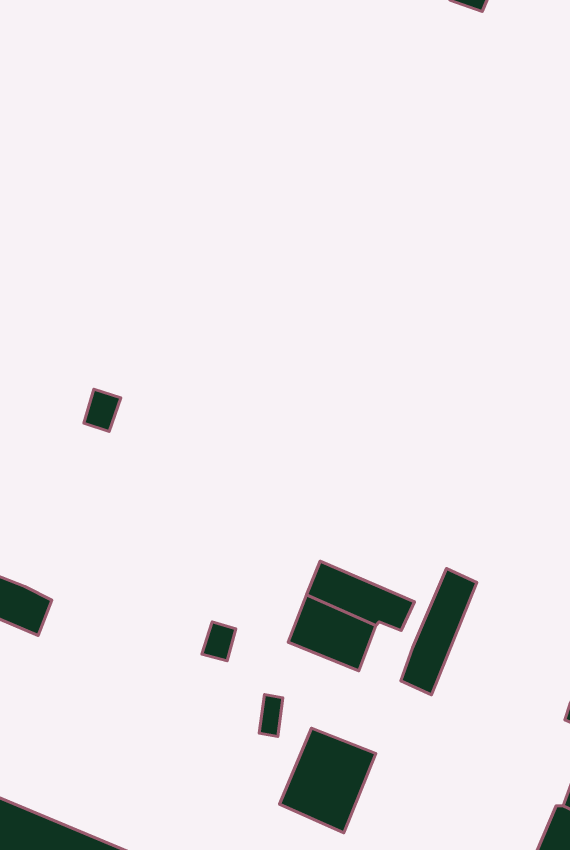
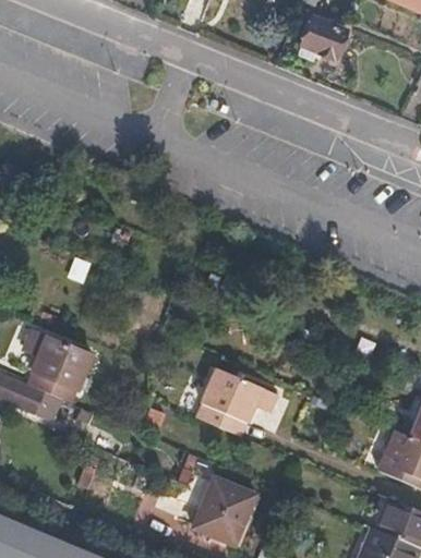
building: none -> [301,16,346,62]
building: none -> [25,328,94,403]
building: [401,568,477,695] -> none

